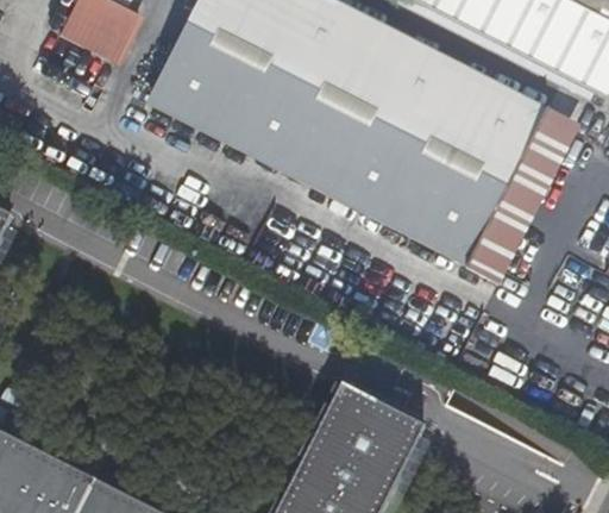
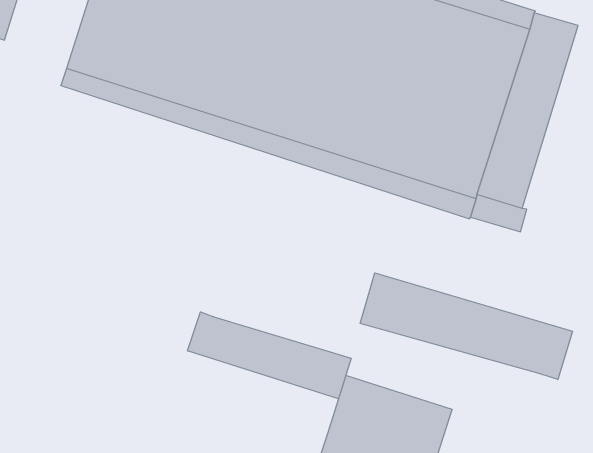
building: none -> [360,273,573,380]
building: none -> [188,312,351,399]

